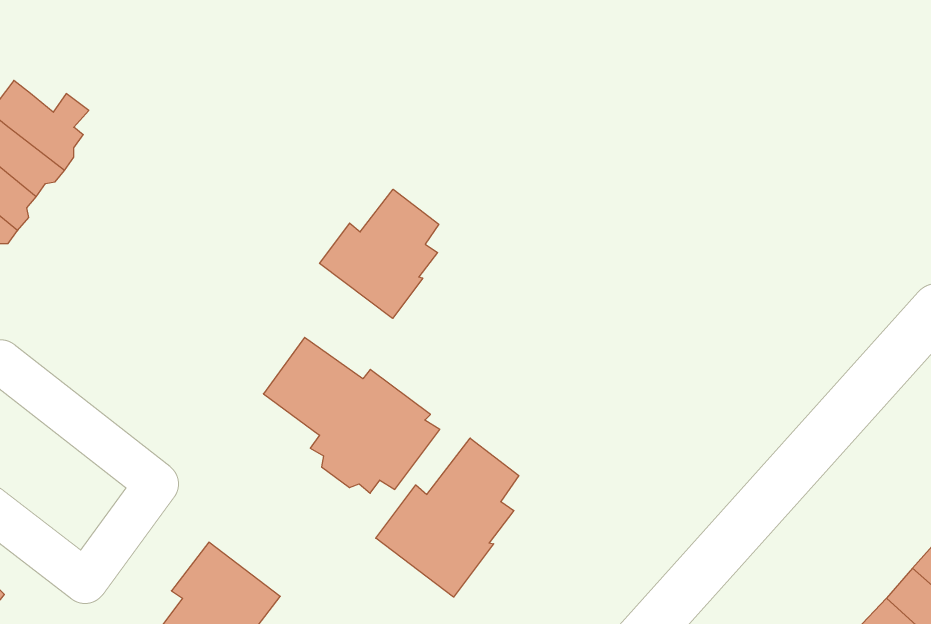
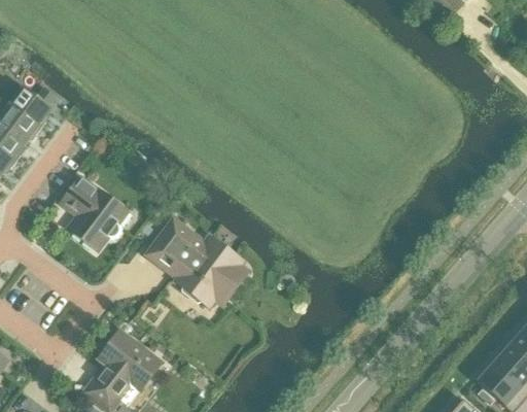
building: [320,189,439,318] -> none
building: none -> [60,177,125,250]
building: [376,438,519,597] -> none

